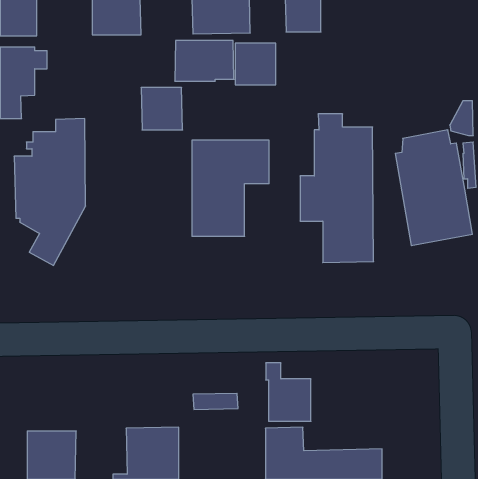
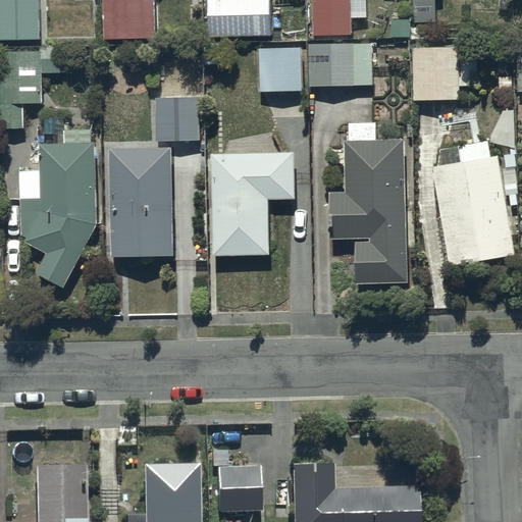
building: [175,41,234,81] -> [310,43,374,87]
building: none -> [413,48,479,100]
building: none -> [108,148,172,259]
building: [266,363,311,421] -> [211,449,260,512]

